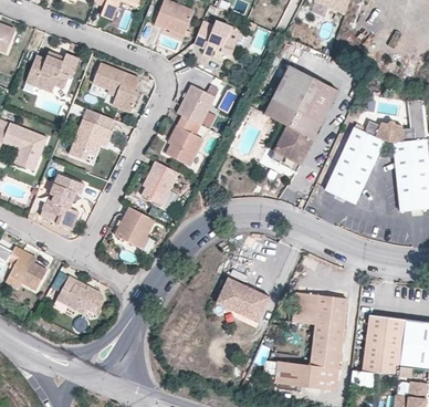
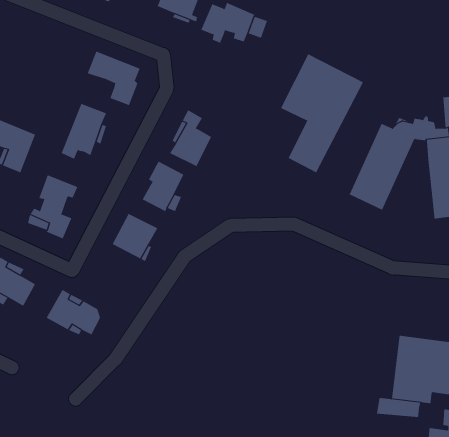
building: [25,51,79,93] -> none
building: [176,85,214,125] -> none
building: [213,276,270,323] -> none
building: [275,292,347,389] -> none

